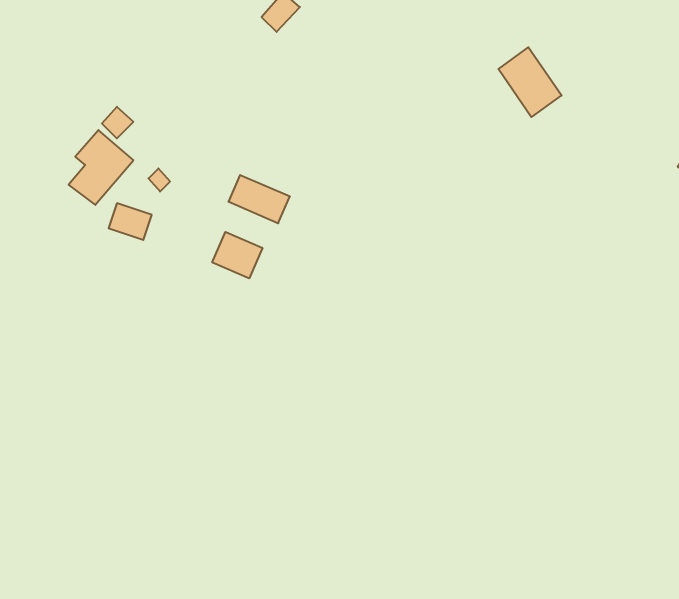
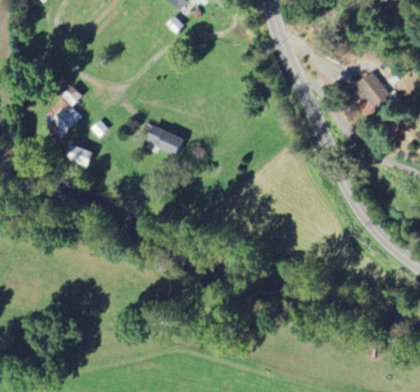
building: [498,47,562,117] -> [352,72,391,114]
building: [212,232,262,278] -> none

